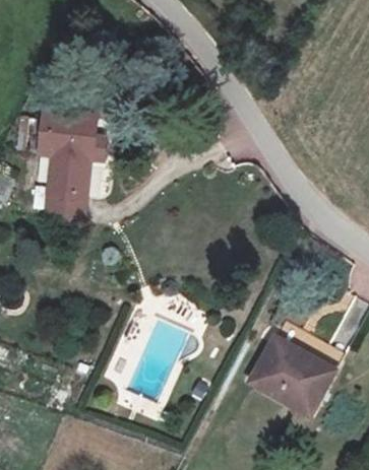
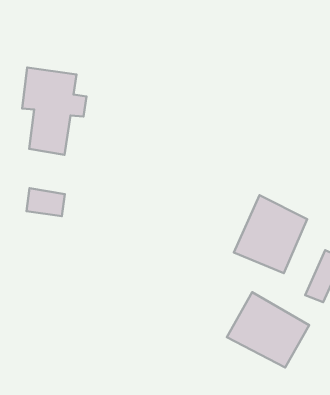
building: [46,192,84,220] -> [27,188,65,216]
building: none -> [234,195,307,273]

